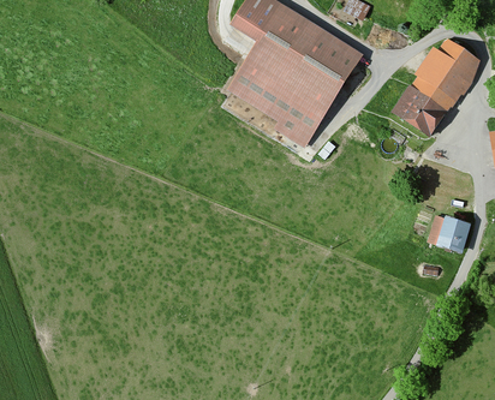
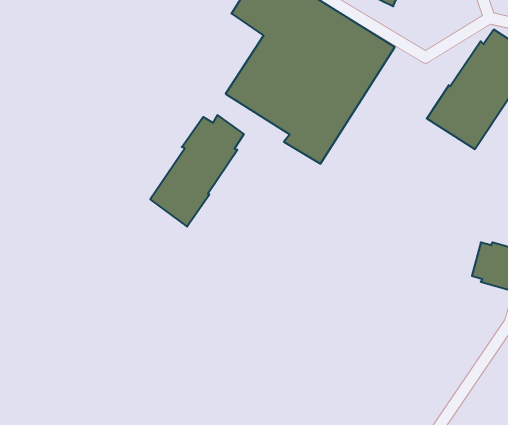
building: none -> [150,115,244,227]

